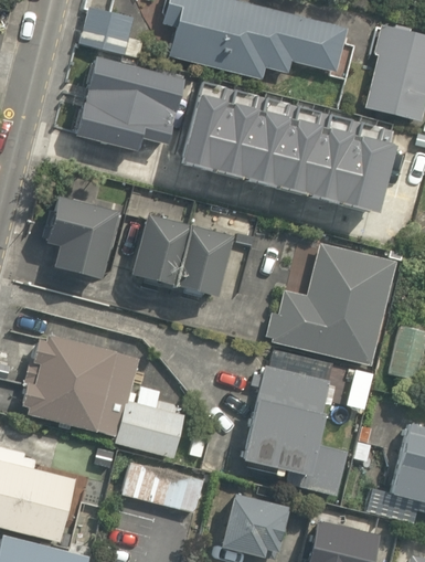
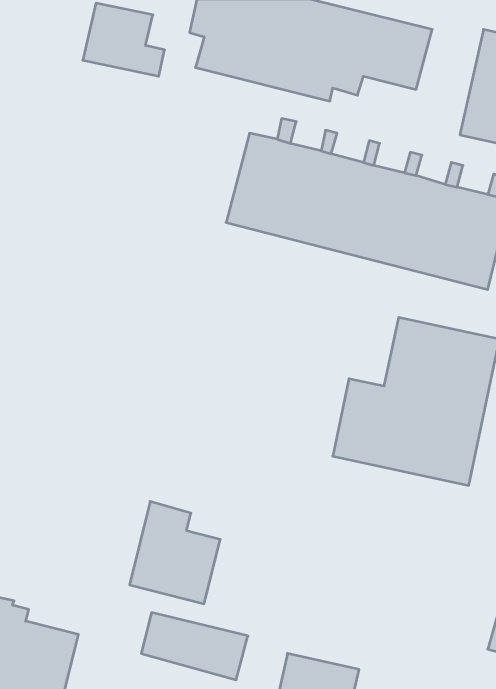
building: [83,62,191,156] -> none
building: [39,193,115,276] -> none
building: [125,212,232,293] -> none
building: [31,328,120,428] -> none
building: [241,364,349,496] -> none

